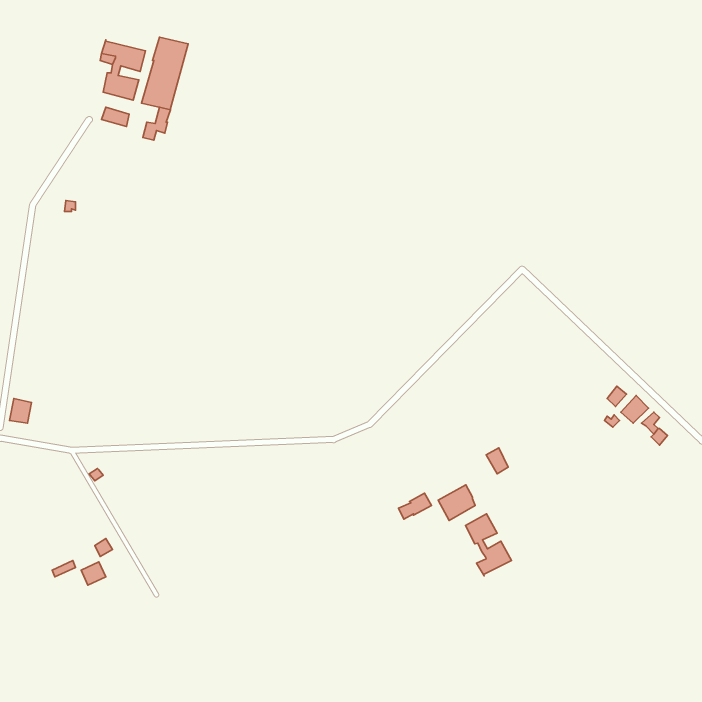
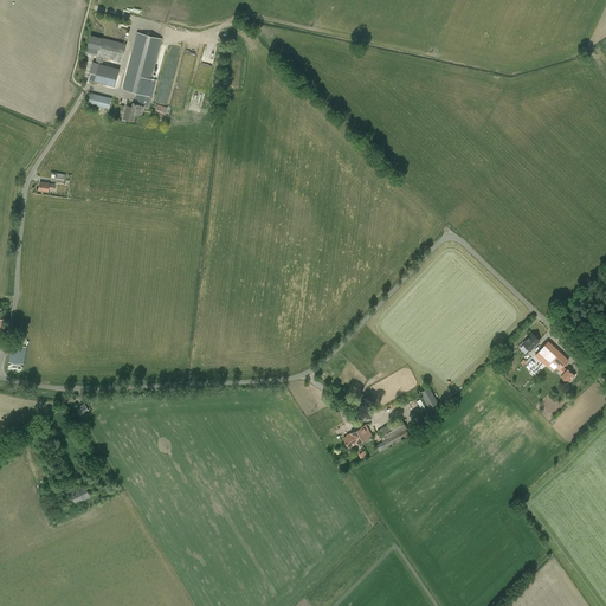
building: [466,514,511,576] -> none

